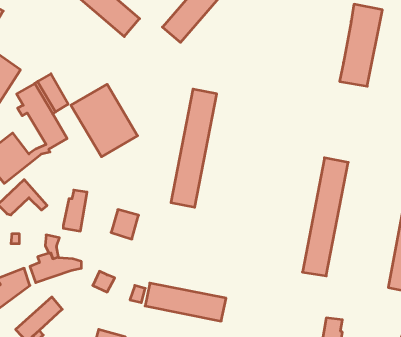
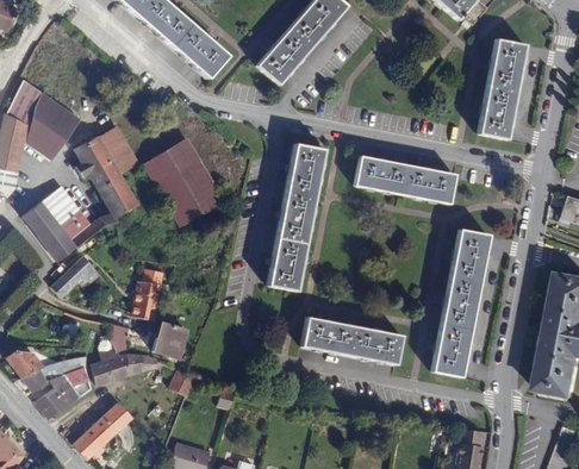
building: none -> [353,151,453,198]
building: [111,210,139,239] -> [152,323,187,359]
building: [145,283,226,321] -> [300,315,401,363]

